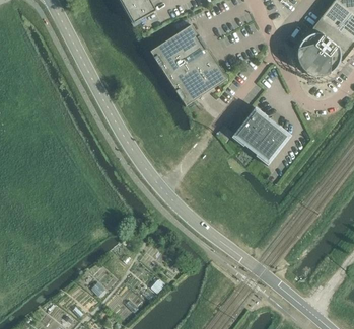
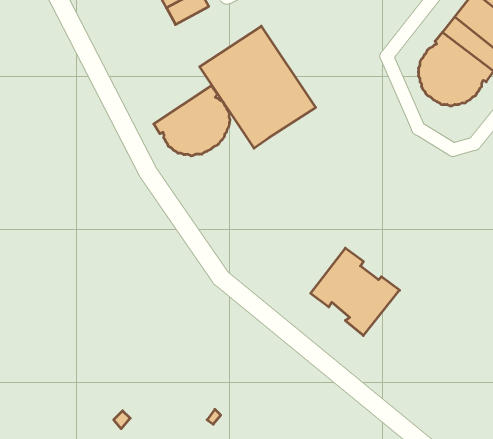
building: none -> [154,86,230,156]
building: [231,106,291,165] -> [311,248,400,336]

